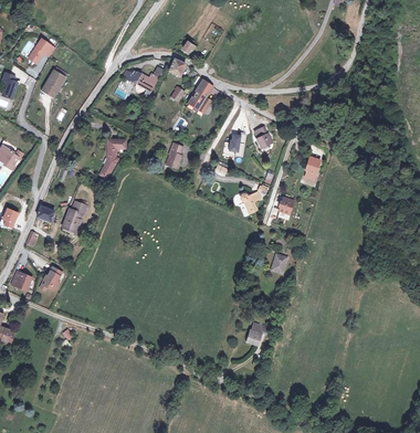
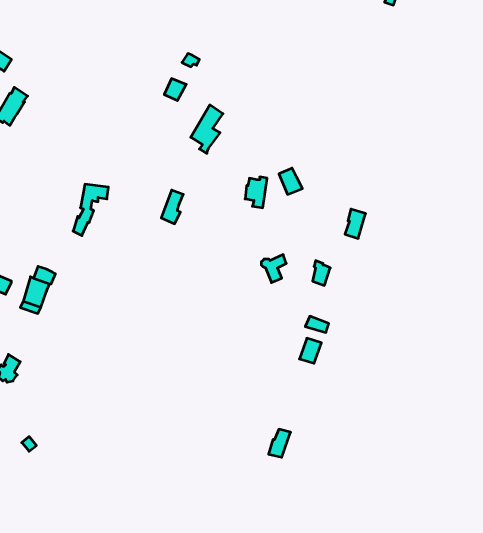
building: [122,66,161,97] -> none

